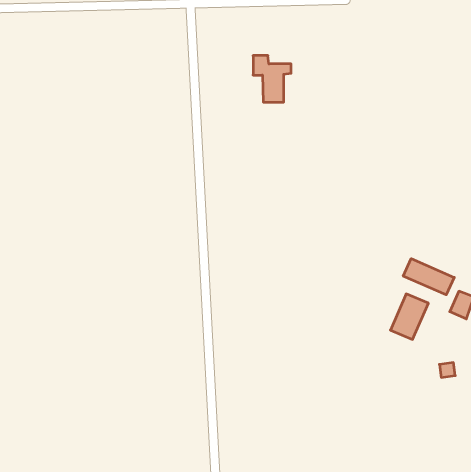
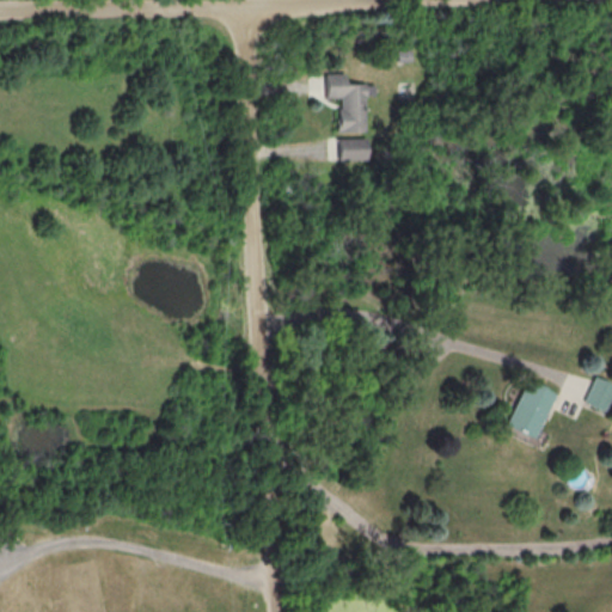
building: none -> [342,140,372,163]
building: [403,259,454,295] -> none

